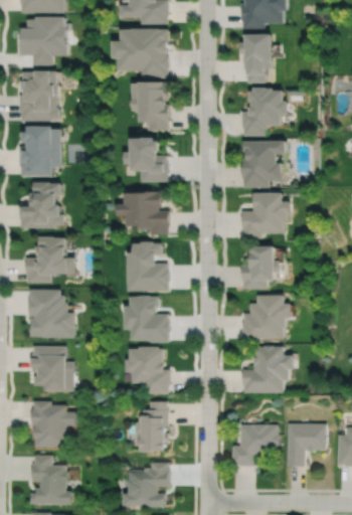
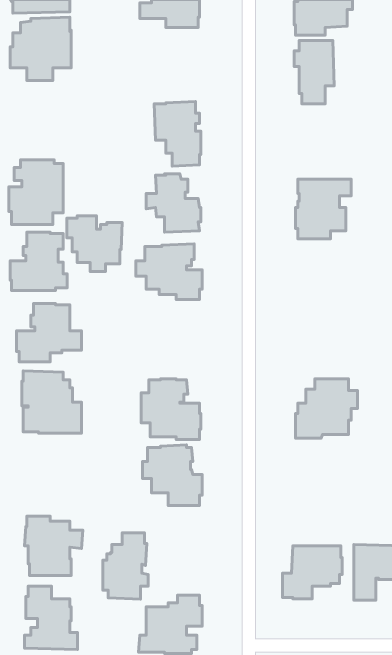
building: [113,27,167,77] -> none
building: [20,69,59,121] -> none
building: [241,87,286,136] -> none
building: none -> [67,216,122,271]
building: [241,193,290,238] -> none
building: [125,242,168,292] -> none
building: [240,246,279,289] -> none
building: [31,347,74,392] -> none
building: [241,347,293,394] -> none
building: [134,402,169,454] -> [103,533,148,599]

